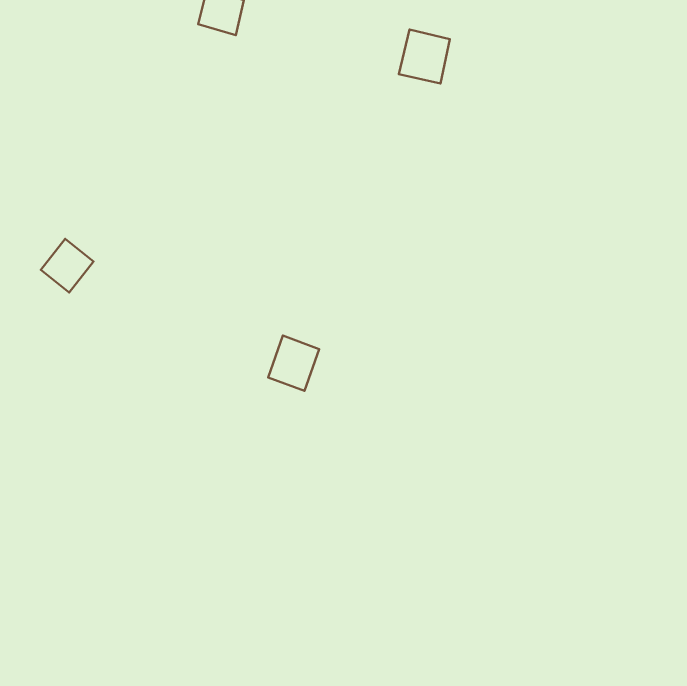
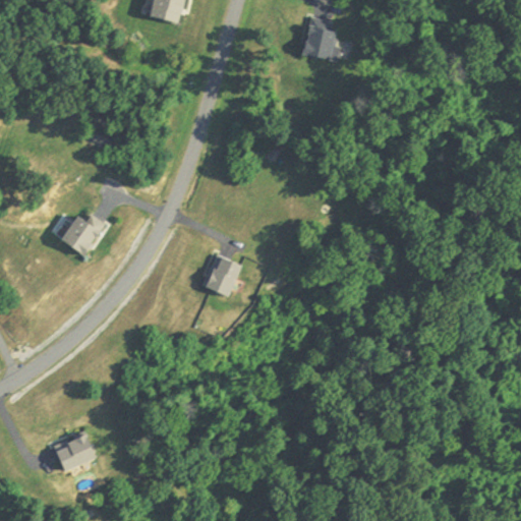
building: [41,239,94,293] -> [60,214,100,254]
building: none -> [53,433,95,471]

